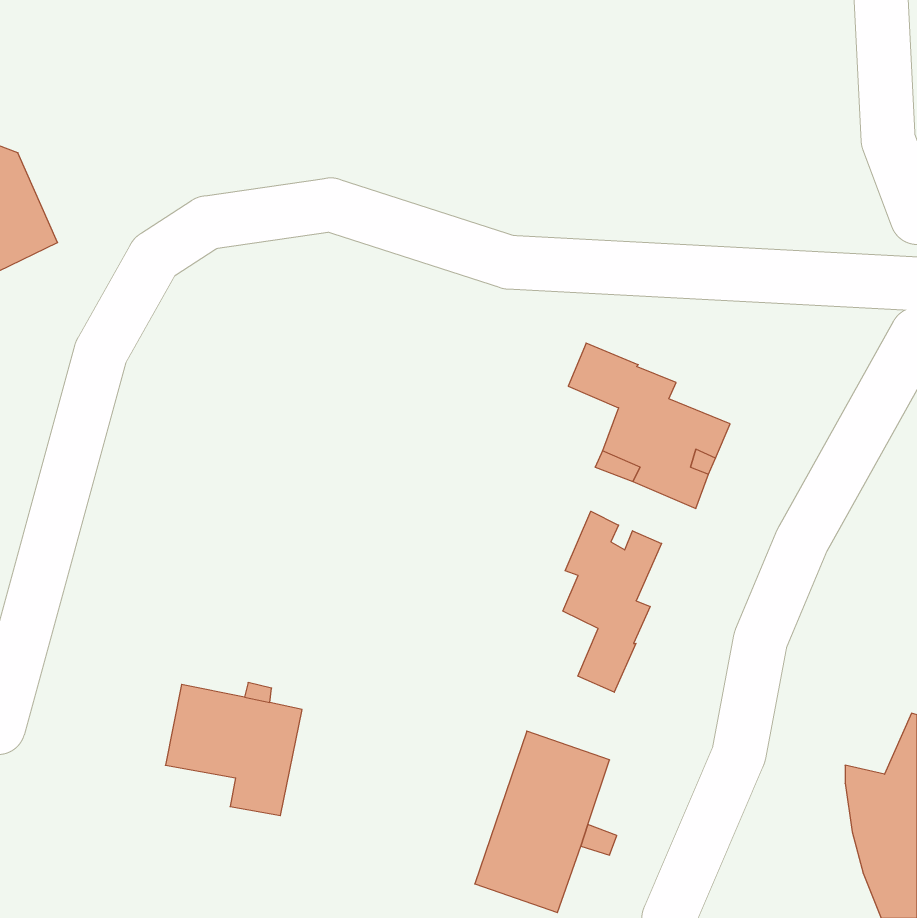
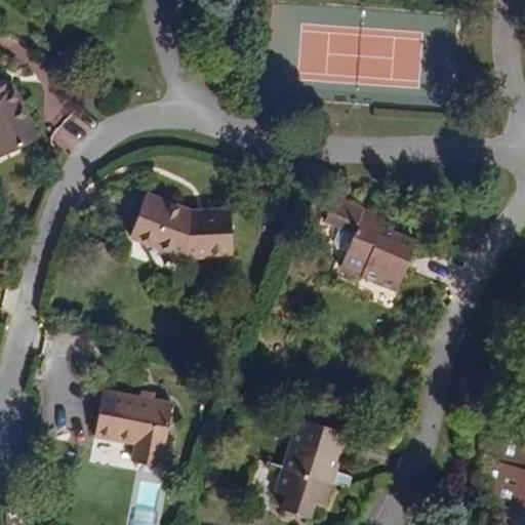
building: none -> [131,196,232,255]
building: [563,511,662,692] -> none

